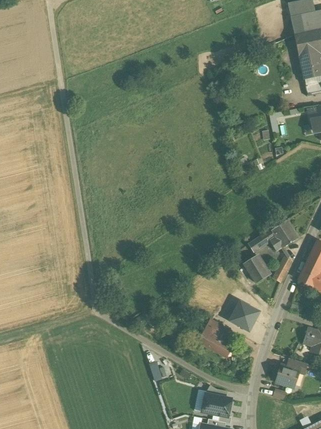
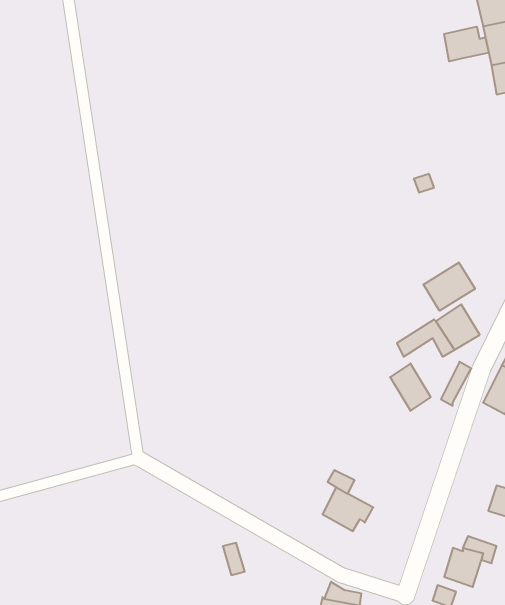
building: none -> [444,27,489,61]
building: none -> [423,262,475,311]
building: [230,301,259,330] -> none

